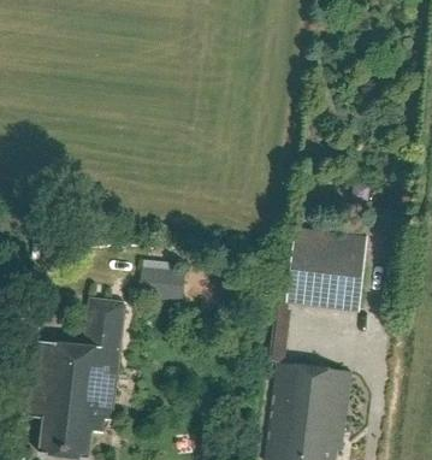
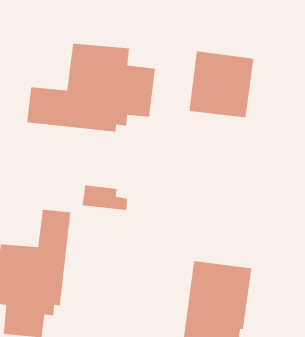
building: none -> [26,43,156,132]
building: [285,226,367,311] -> [188,51,254,118]

